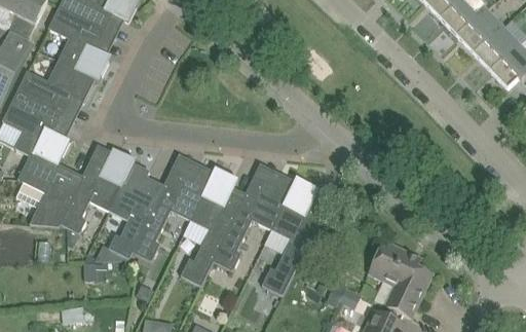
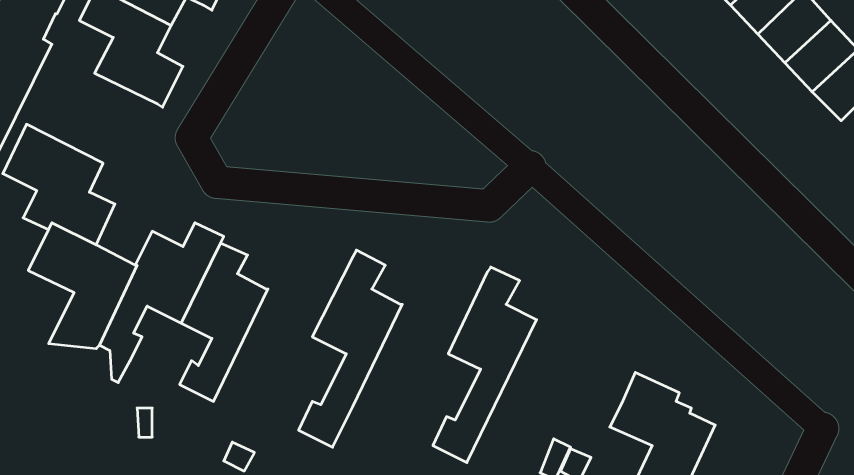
building: [16,60,96,114] -> none
building: [133,162,214,261] -> none
building: [214,172,295,270] -> none

